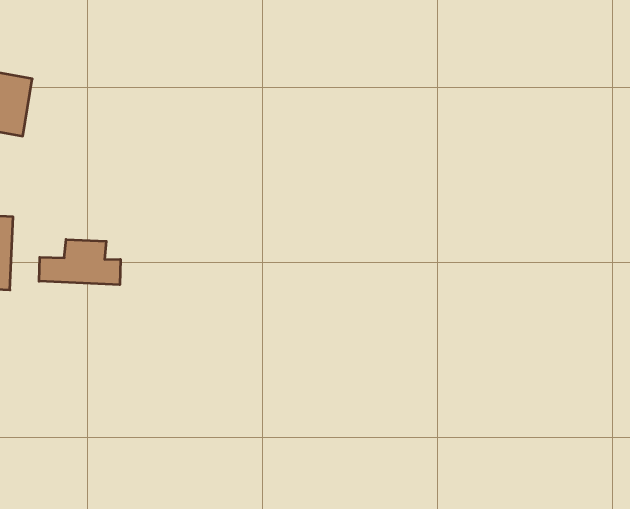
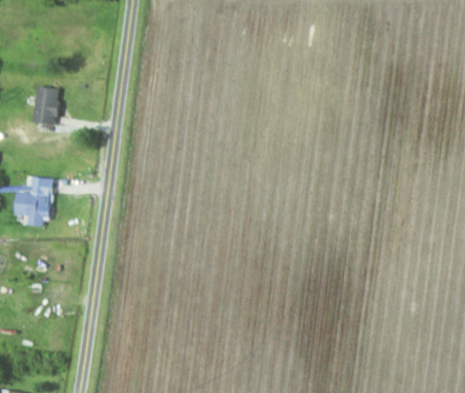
building: [39,239,120,285] -> none

